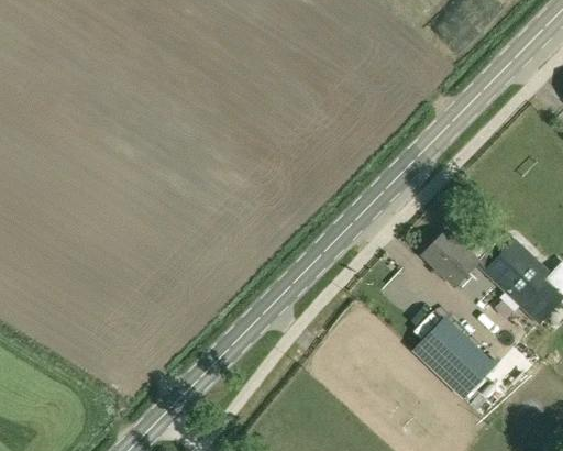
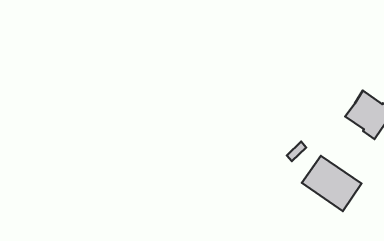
building: [424,232,481,287] -> none

